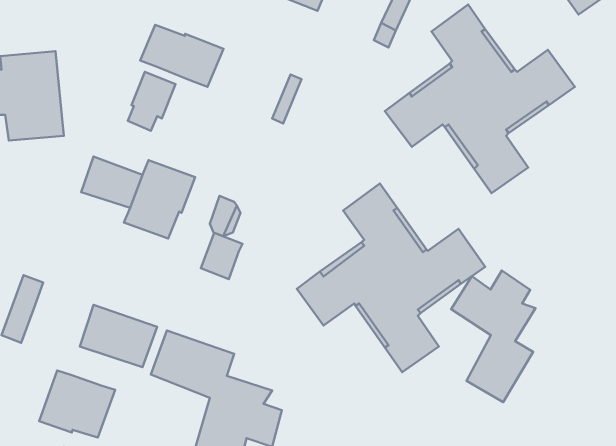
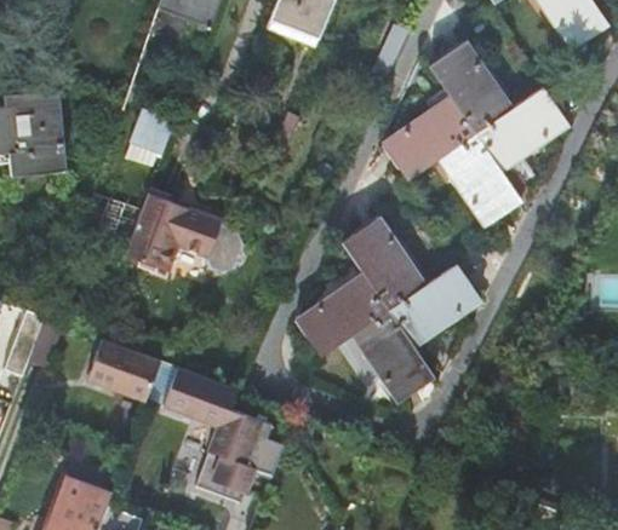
building: [140,25,223,87] -> none
building: [201,233,242,279] -> [182,212,223,258]
building: [451,270,536,402] -> none
building: [39,371,115,438] -> none

